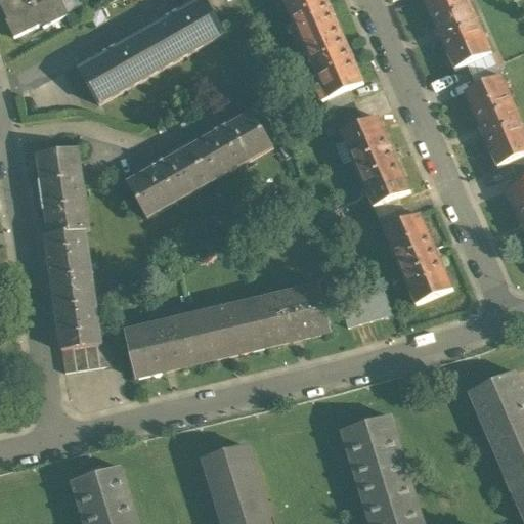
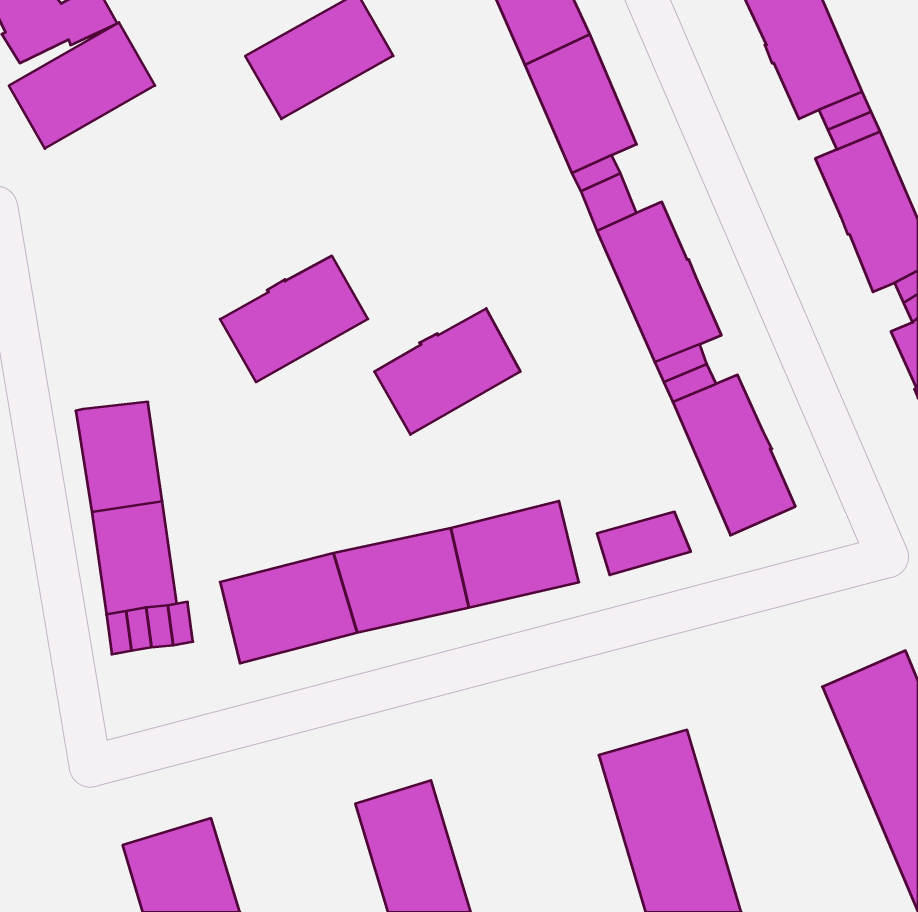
building: [77,32,160,103] -> [9,22,155,149]
building: [188,110,271,181] -> [374,308,520,435]
building: [36,146,88,232] -> none

